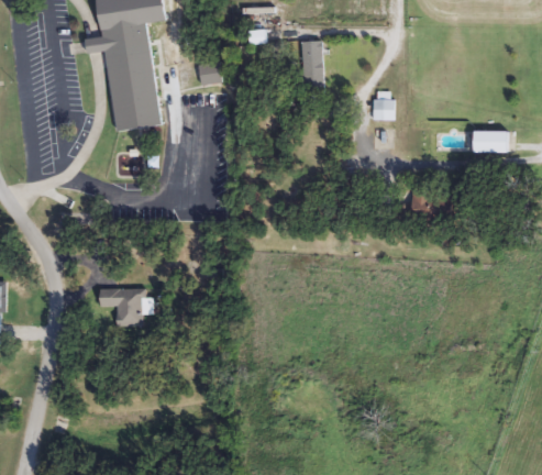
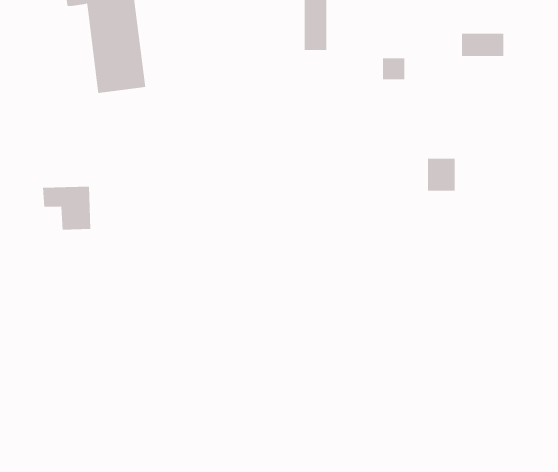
building: [197,60,220,84] -> none
building: [472,131,510,152] -> [461,33,504,56]
building: [100,287,144,327] -> [42,186,91,230]

